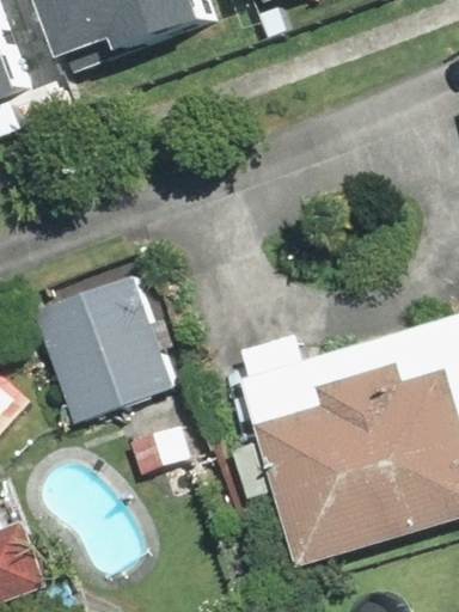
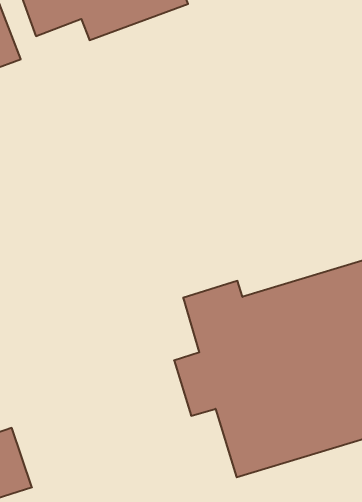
building: [32,274,170,421] -> none

